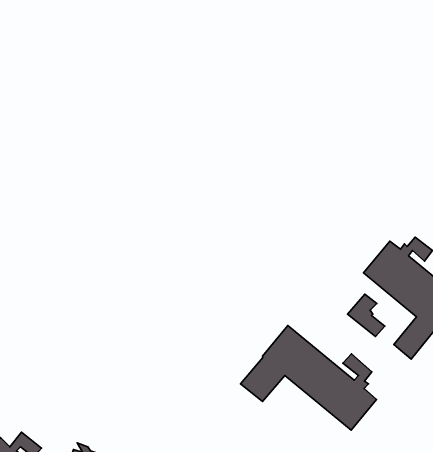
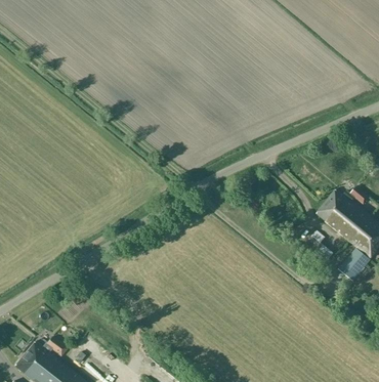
building: [241,325,376,430] -> none

